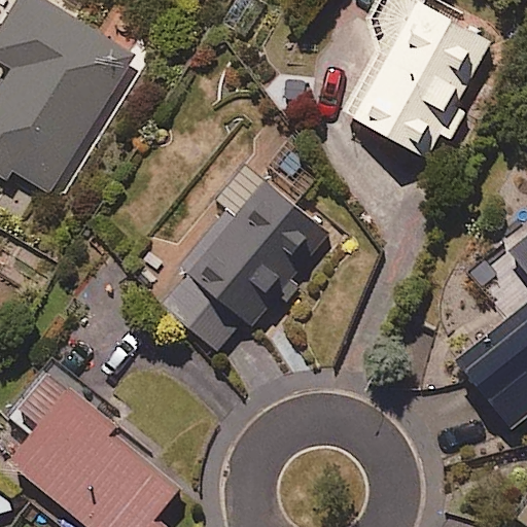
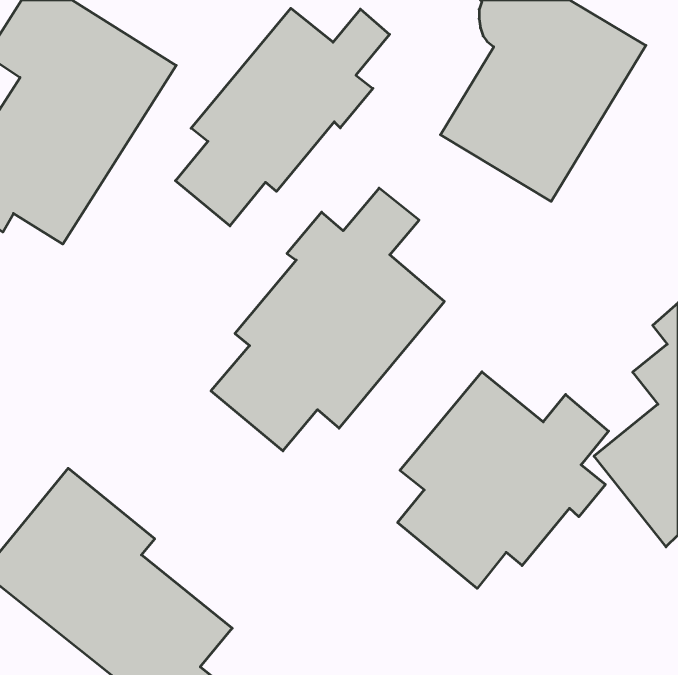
building: none -> [175,8,390,226]
building: none -> [398,372,609,588]

